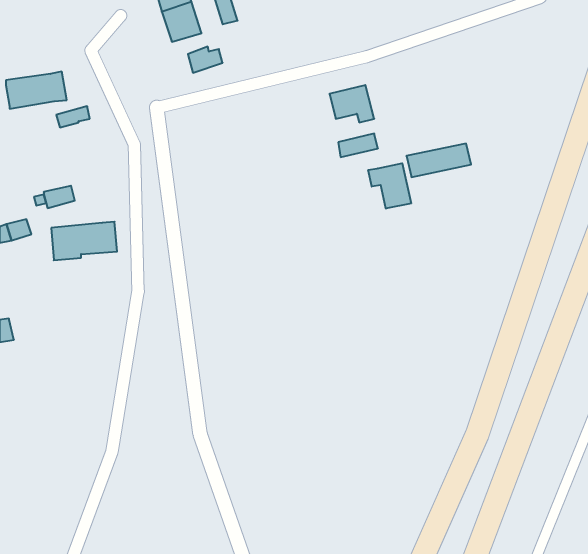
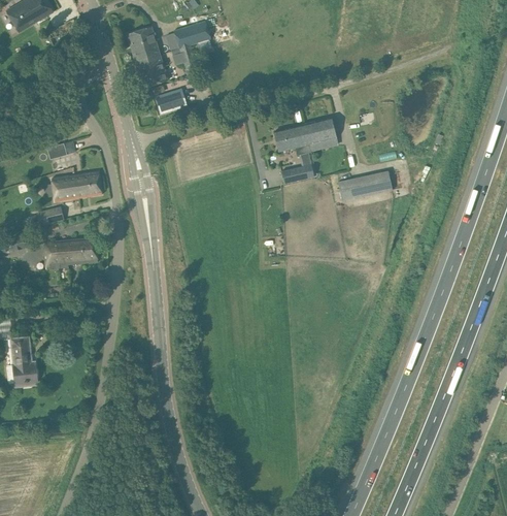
building: [6,72,67,109] -> [52,170,102,201]
building: none -> [304,117,336,143]
building: [368,163,411,209] -> none
building: none -> [6,336,37,386]

